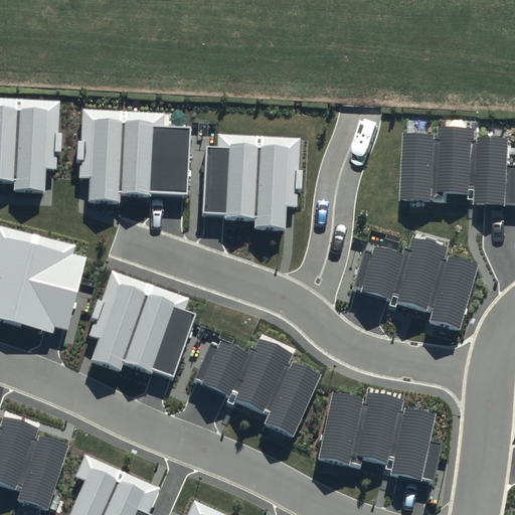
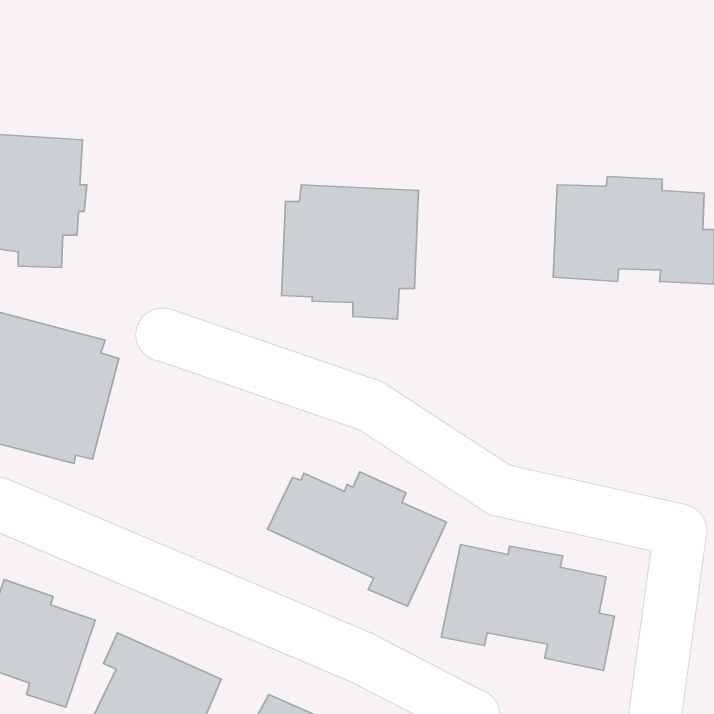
building: [78,110,189,204] -> none
building: [352,239,477,330] -> none
building: [89,272,194,377] -> none

